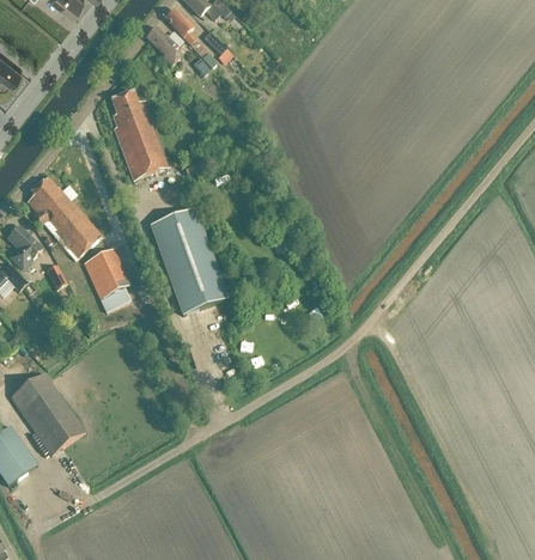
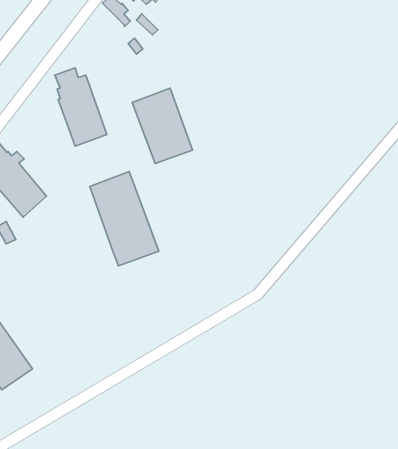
building: [146,26,180,65] -> none
building: none -> [132,88,192,164]
building: [83,249,129,312] -> none

